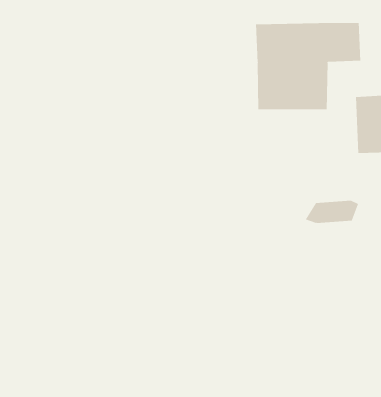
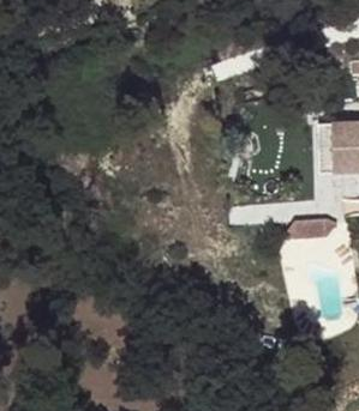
building: [255,22,361,110] -> none

